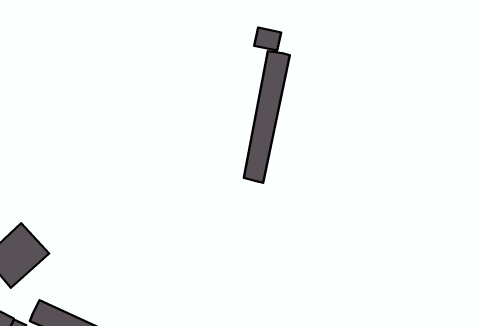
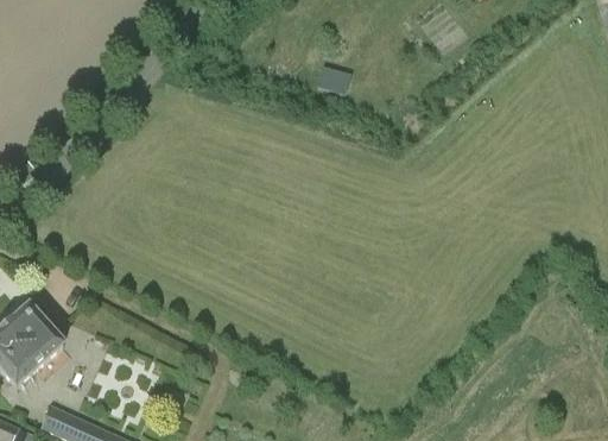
building: [244,51,290,183] -> none

